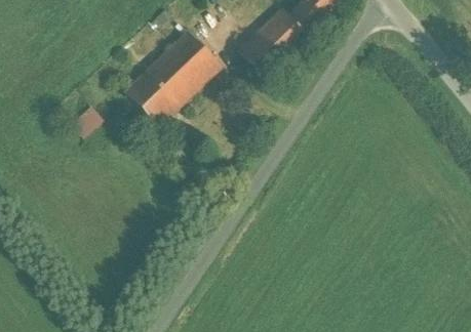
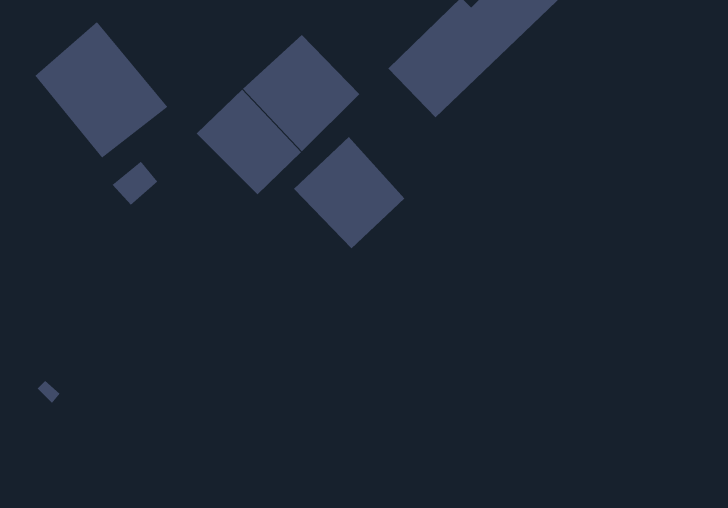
building: none -> [35,21,168,158]
building: none -> [293,136,405,249]

